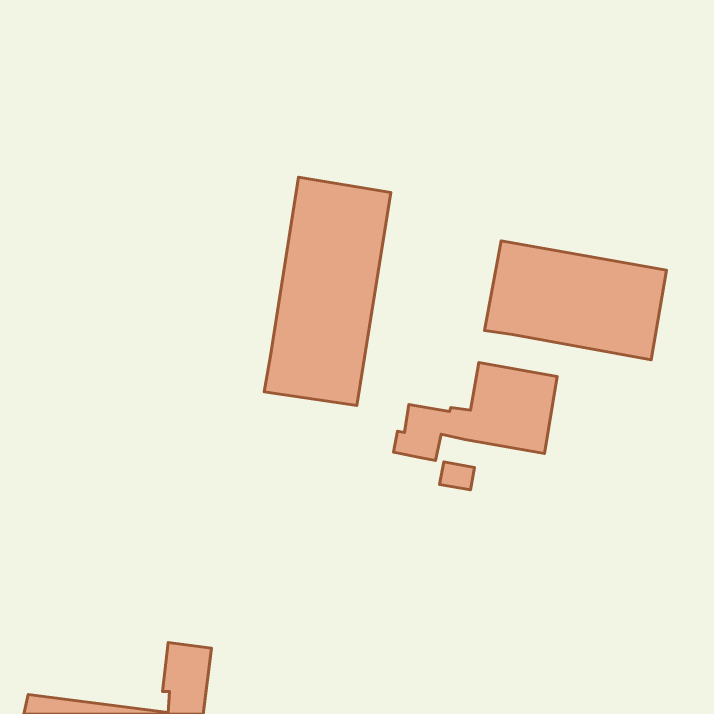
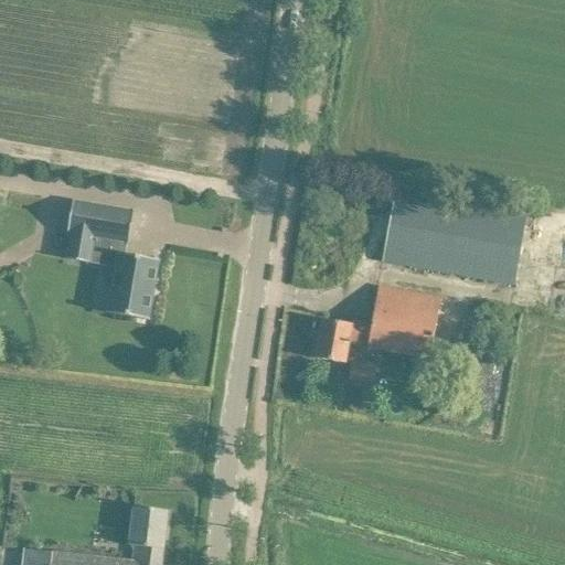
building: [264,177,391,405] -> none
building: none -> [66,201,158,319]

